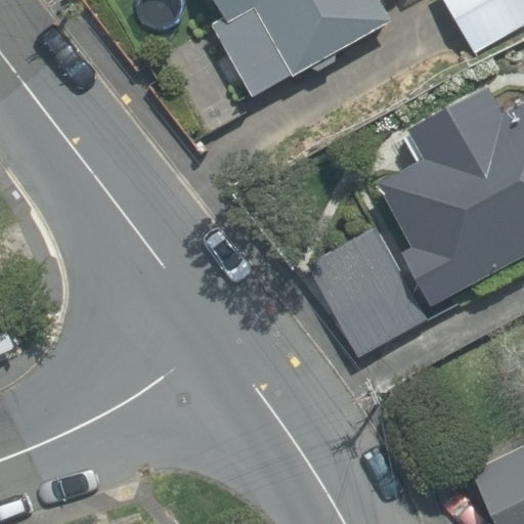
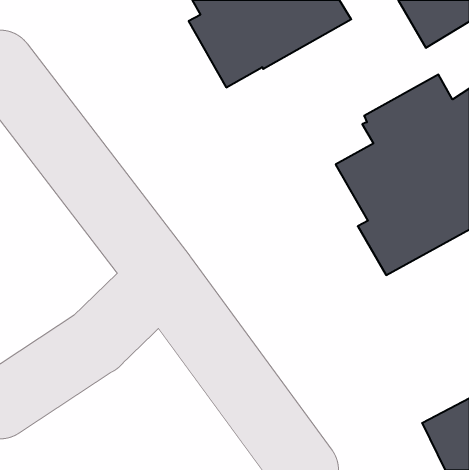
building: [307,224,430,357] -> none

